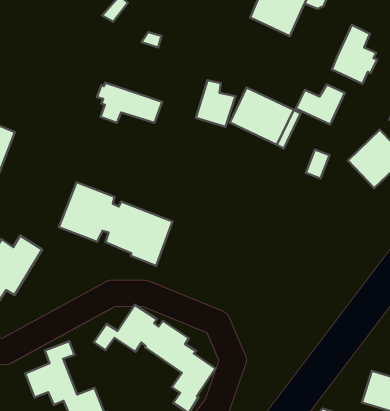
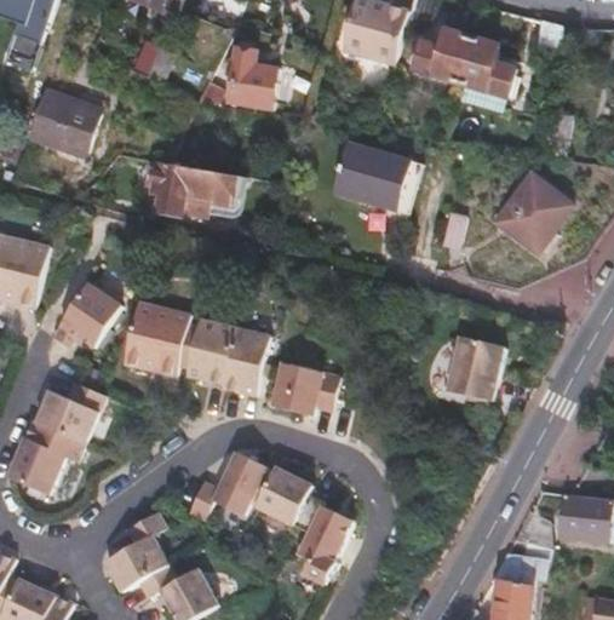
building: none -> [19,86,96,155]
building: [196,80,235,127] -> [230,50,279,108]
building: [296,85,345,124] -> [409,33,471,85]
building: none -> [50,282,120,348]
building: none -> [448,333,504,398]
building: none -> [274,362,342,415]

